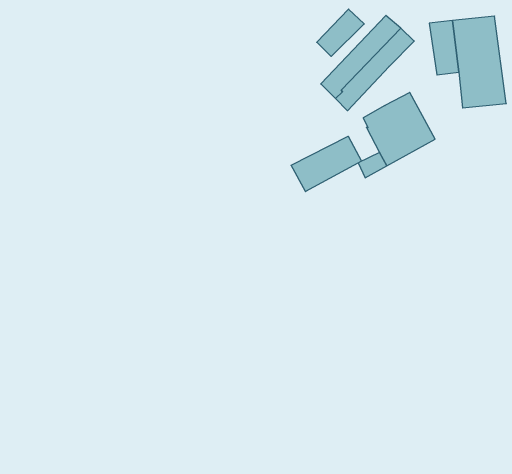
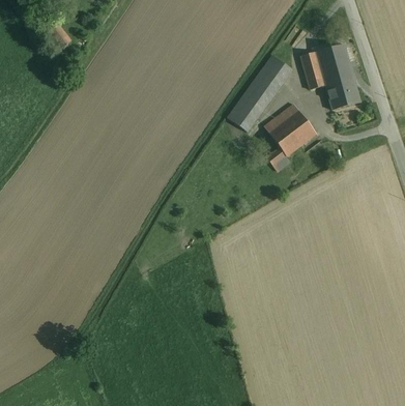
building: [317,9,364,56] -> none
building: [291,136,361,192] -> none

